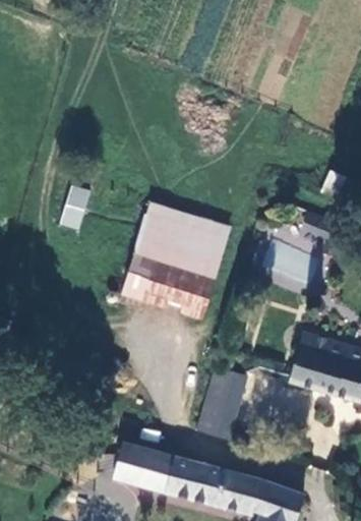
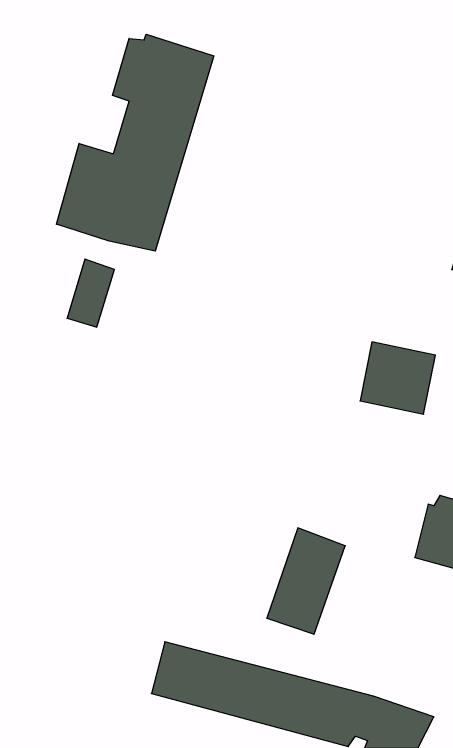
building: none -> [56,34,214,251]
building: [122,205,230,315] -> none

